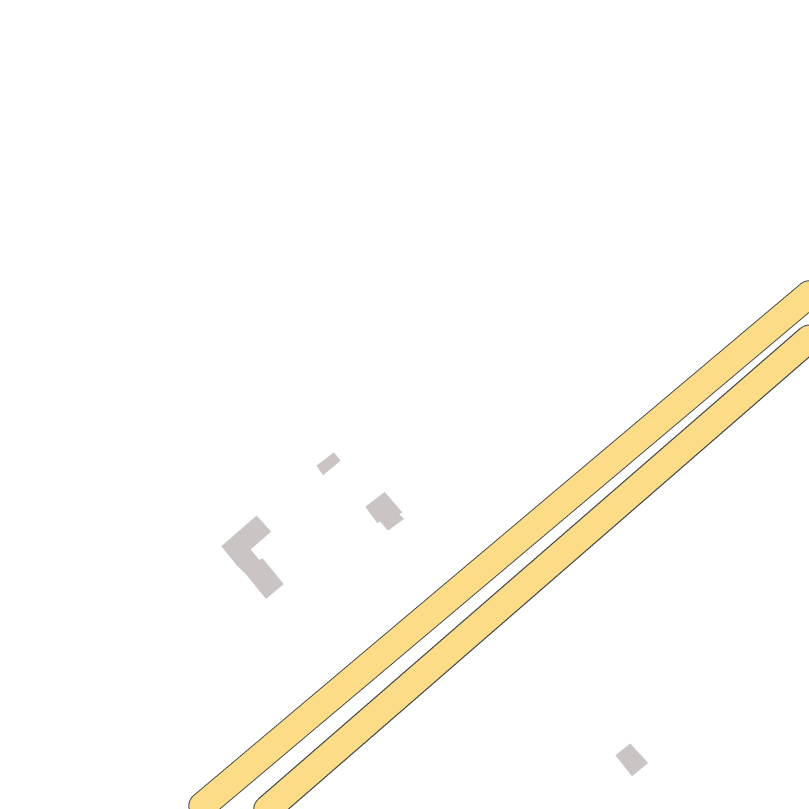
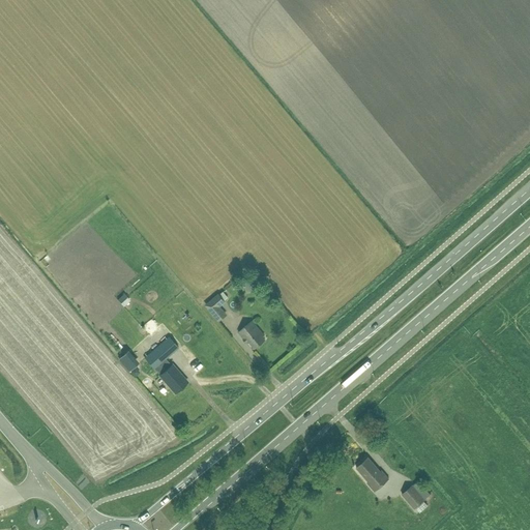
building: none -> [356,457,388,491]

